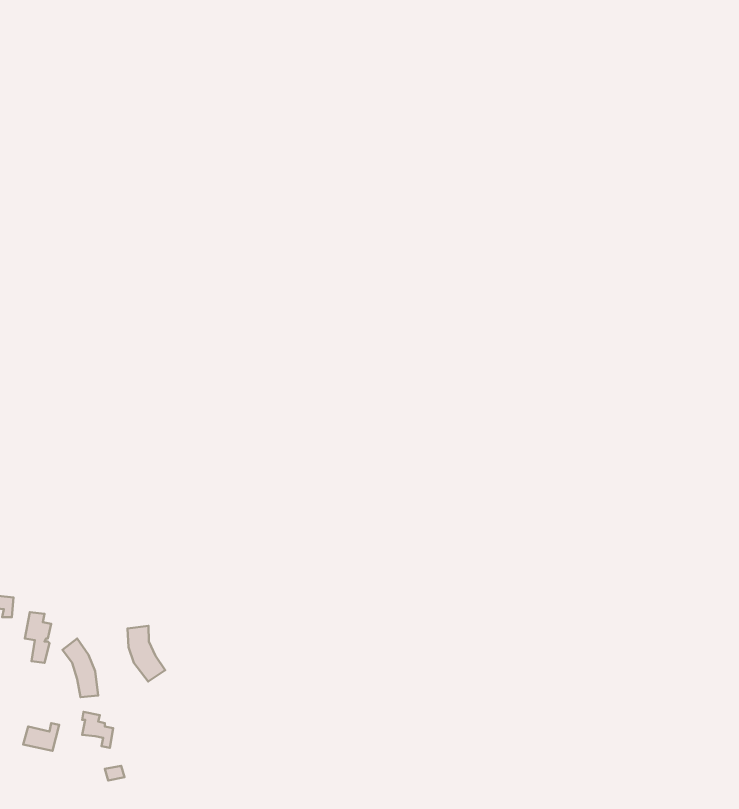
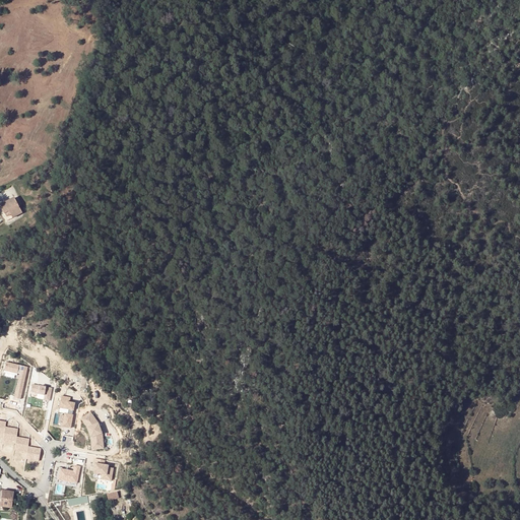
building: [127,626,165,681] -> none

